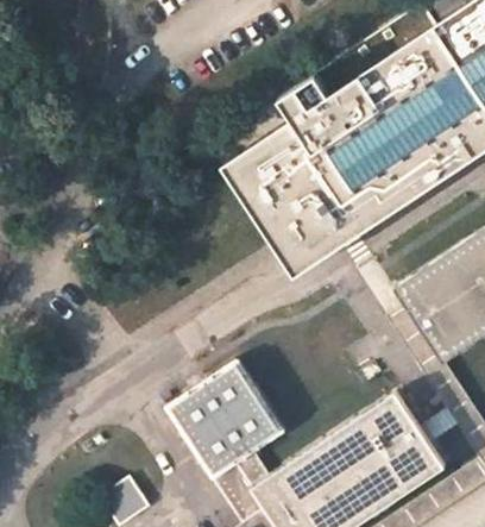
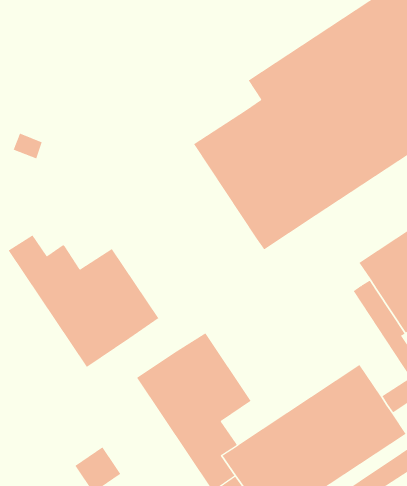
building: none -> [8,234,159,368]

